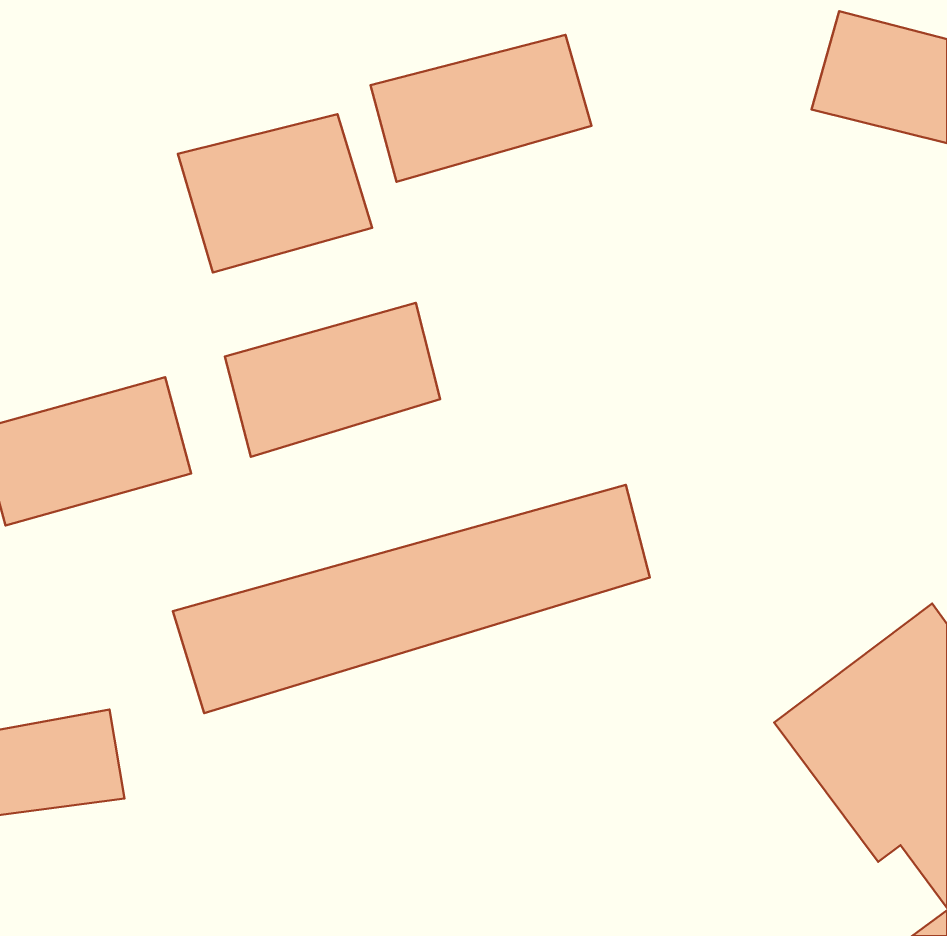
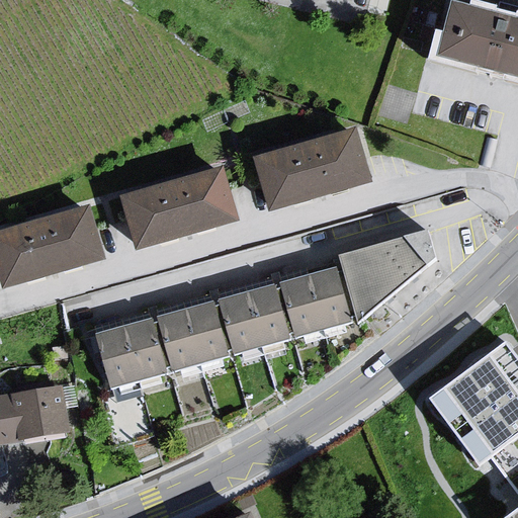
building: [370,35,591,182] -> [255,127,375,207]
building: [178,114,372,273] -> none
building: none -> [340,237,429,323]

